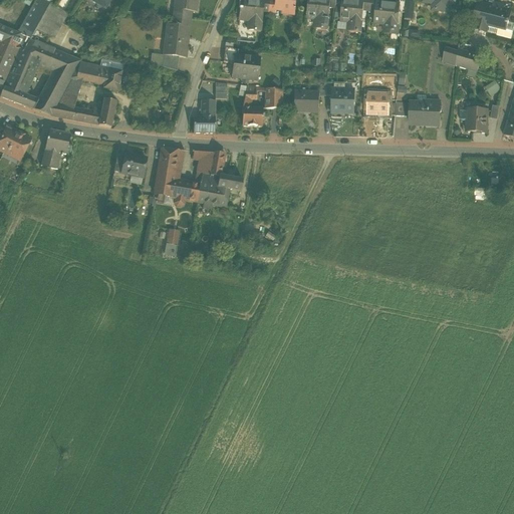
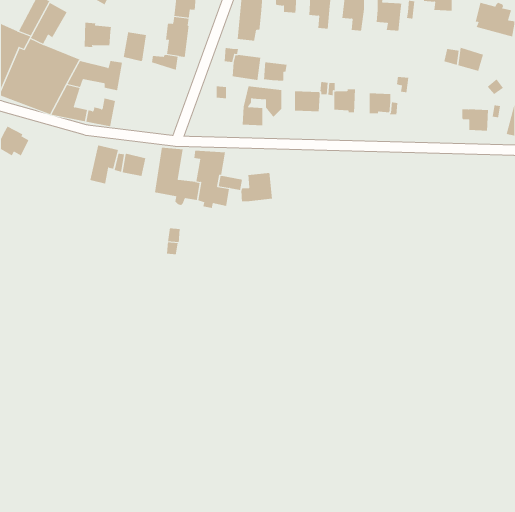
building: none -> [84,22,111,48]
building: none -> [123,31,146,62]
building: none -> [264,61,287,82]
building: [193,99,215,133] -> none
building: [410,100,442,124] -> none
building: [41,128,70,168] -> [90,145,119,184]
building: none -> [241,172,272,202]

